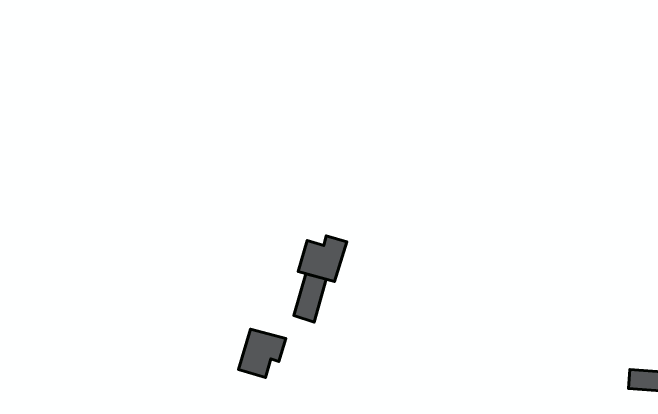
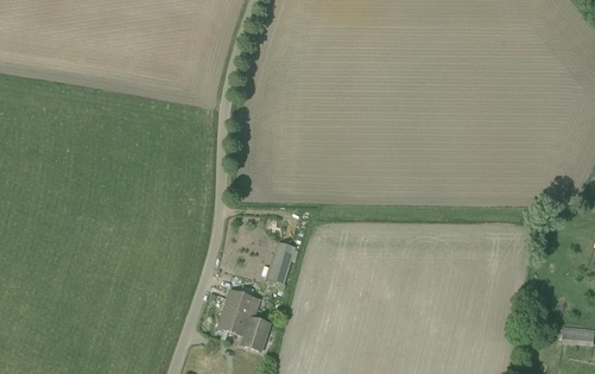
building: [298,236,347,282] -> none
building: none -> [242,316,270,350]

